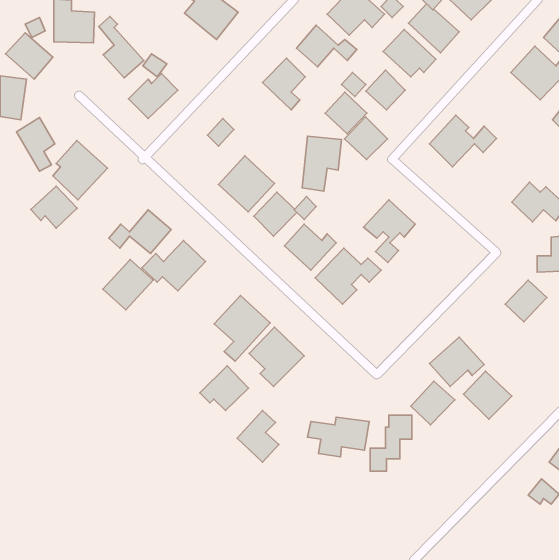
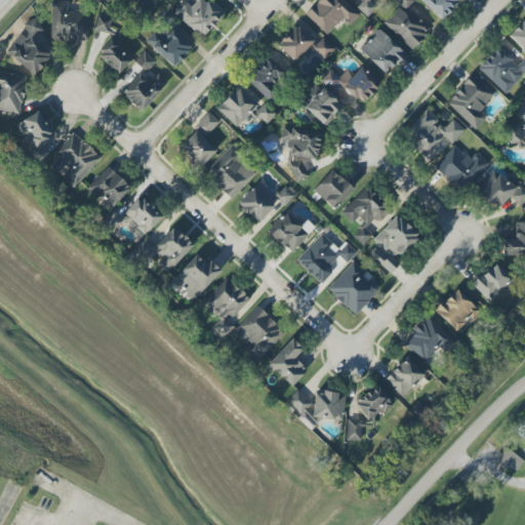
building: none -> [147,27,193,66]
building: none -> [447,74,495,129]
building: none -> [218,86,278,127]
building: [345,117,387,160] -> [314,168,354,208]
building: none -> [180,130,217,166]
building: none -> [436,145,490,192]
building: [31,186,77,228] -> [89,167,132,206]
building: none -> [371,213,419,272]
building: [103,259,153,310] -> [172,252,219,299]
building: none -> [328,261,380,314]
building: [200,366,249,411] -> none
building: [464,371,512,419] -> [436,287,481,332]
building: [237,411,279,462] -> [269,337,308,386]

